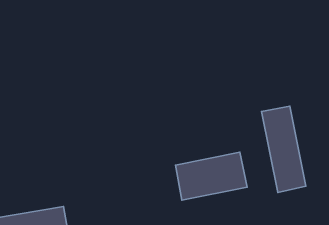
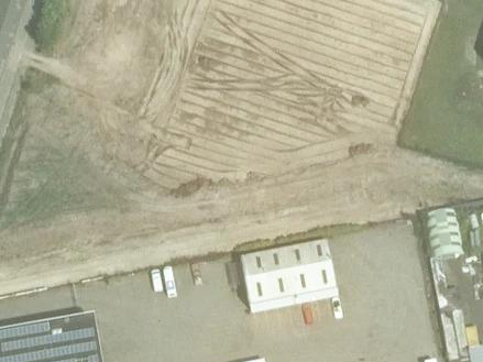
building: [262,106,306,192] -> none

